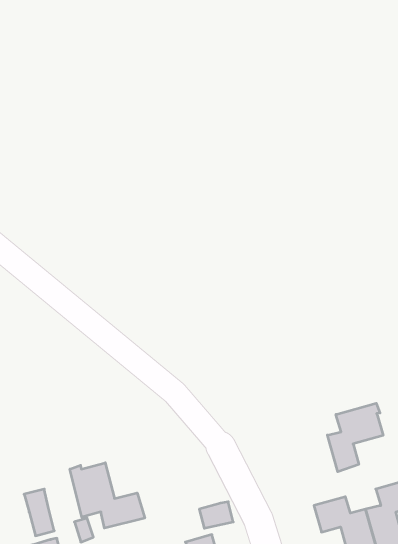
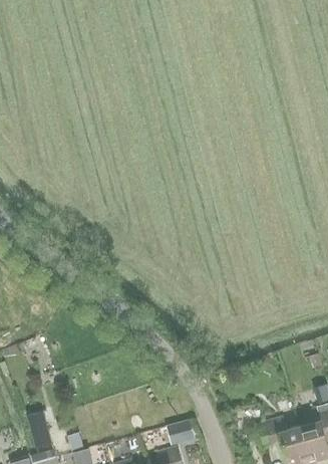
building: [327,403,383,472] -> none
building: [70,463,145,528] -> none

